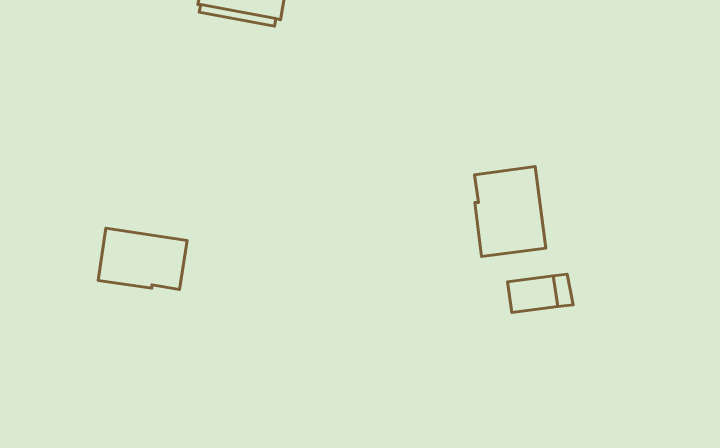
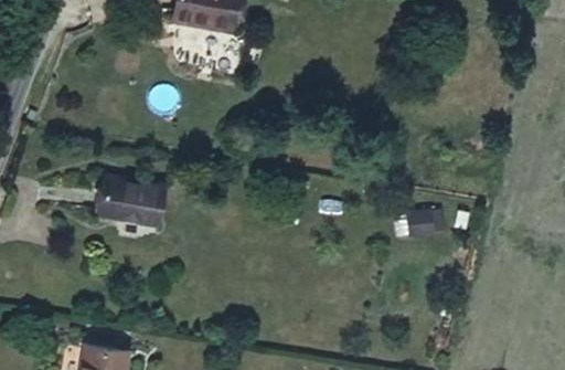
building: [474,167,546,256] -> none

